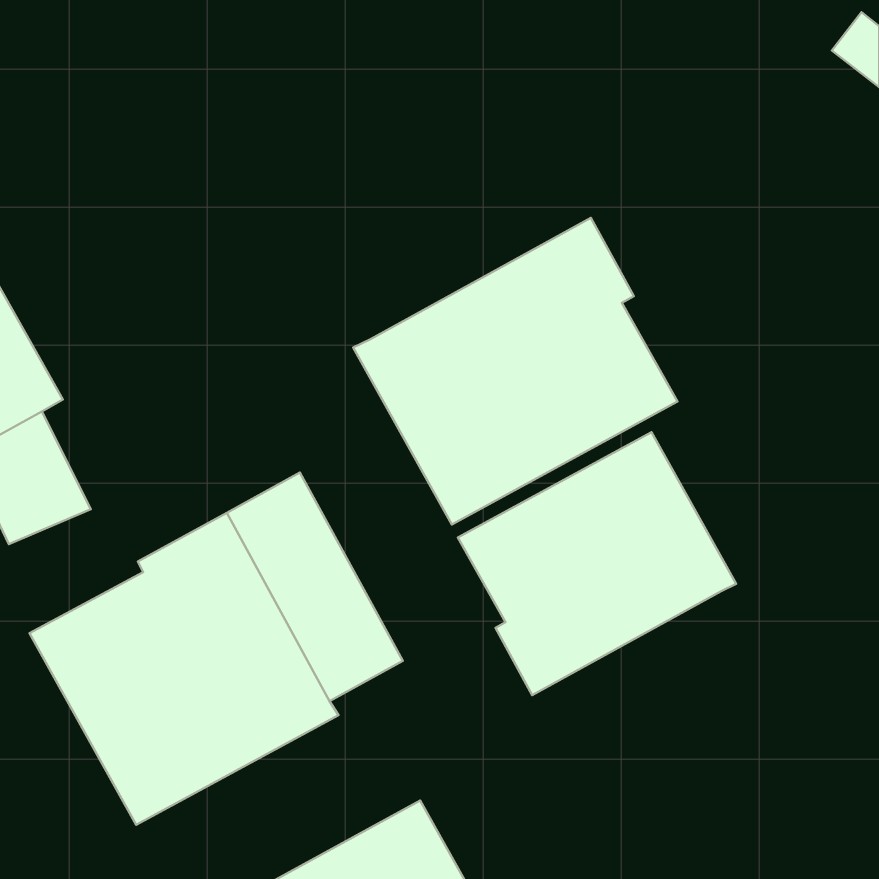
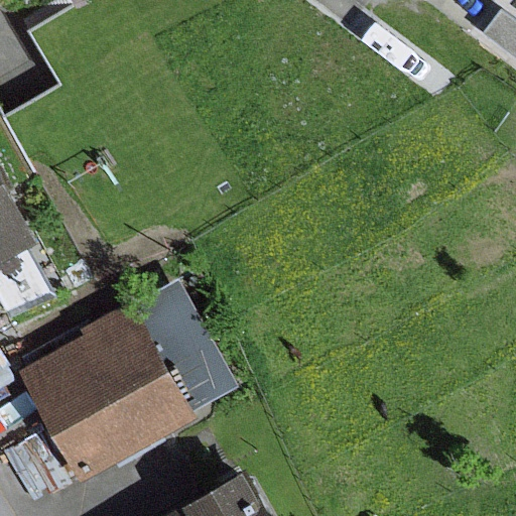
building: [353,218,678,524] -> none
building: [458,432,736,695] -> none

